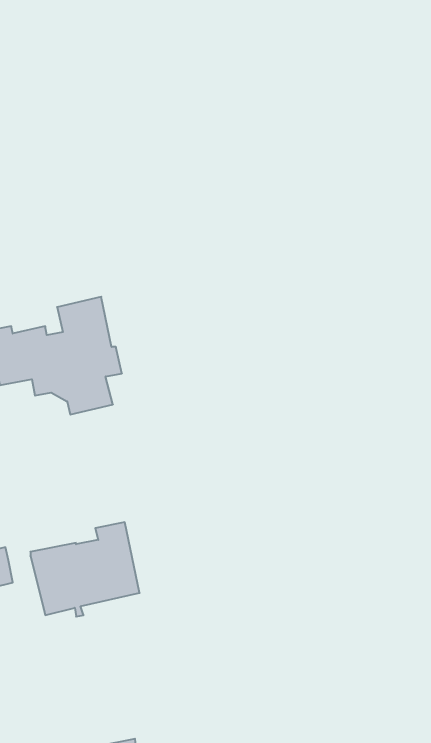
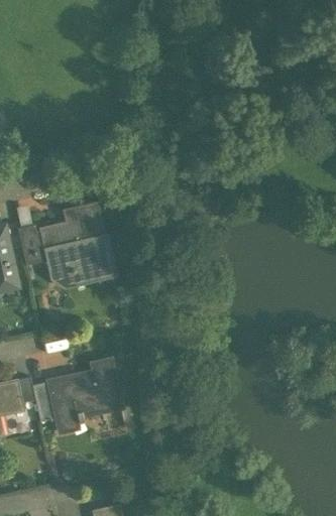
building: none -> [32,381,57,420]

